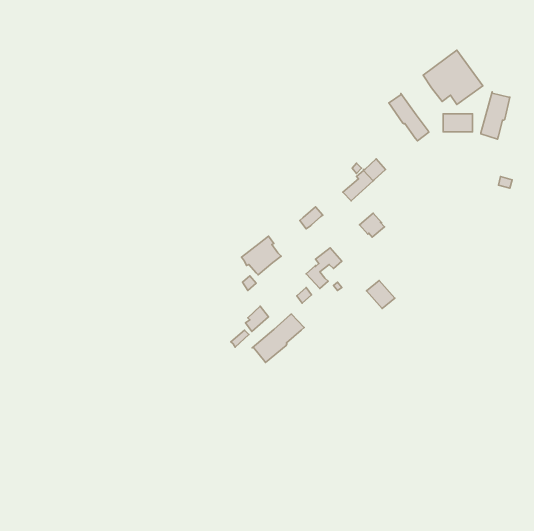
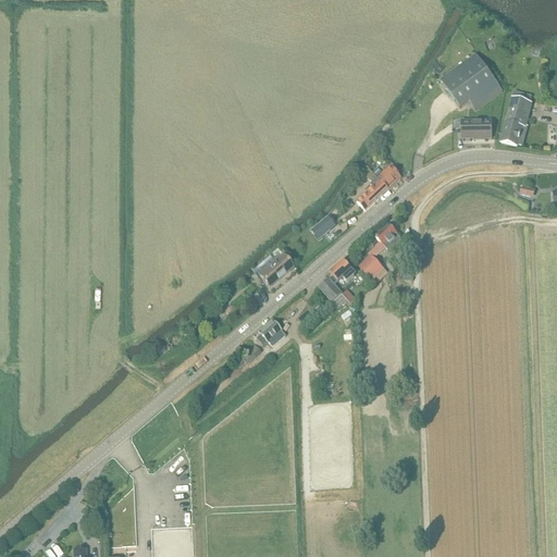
building: [389,94,429,141] -> none
building: [367,280,395,309] -> [358,252,387,282]
building: [252,314,304,363] -> none

